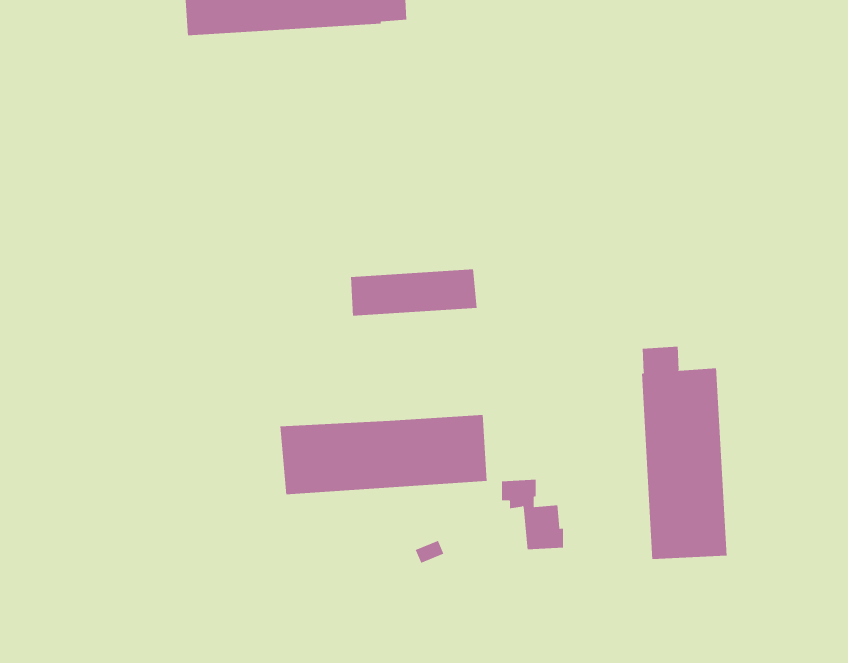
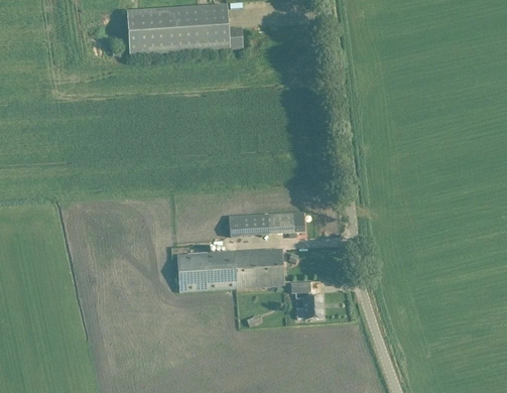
building: [350,269,478,316] -> [229,212,294,236]
building: [642,346,727,560] -> none

